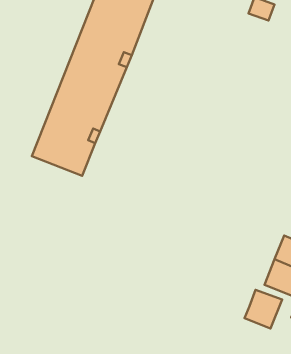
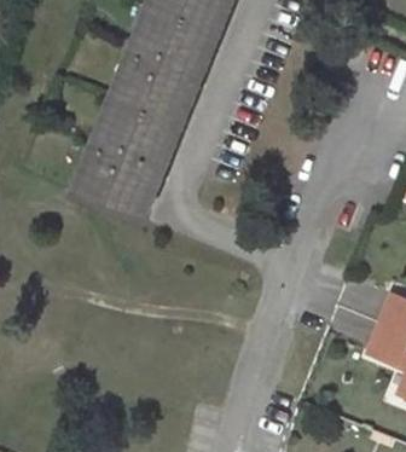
building: [244,290,282,328] -> none

